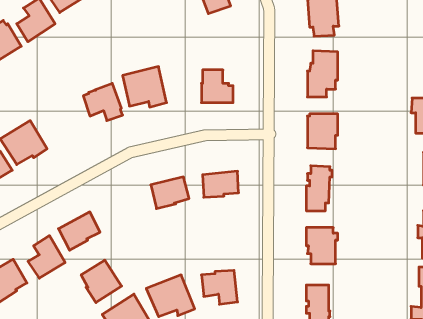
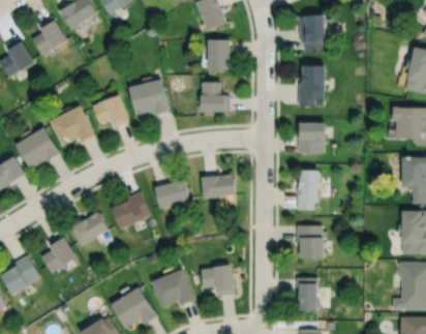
building: none -> [208,37,230,70]
building: none -> [49,104,94,145]
building: none -> [111,191,150,229]
building: [81,260,122,303] -> none

